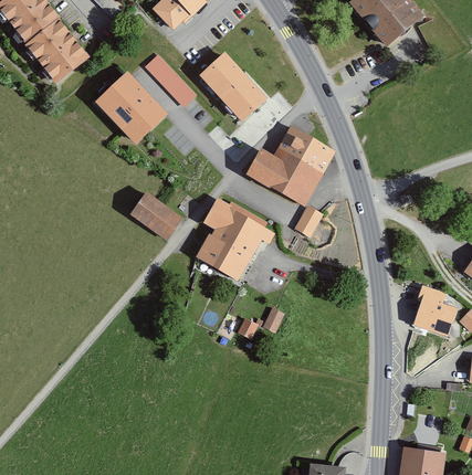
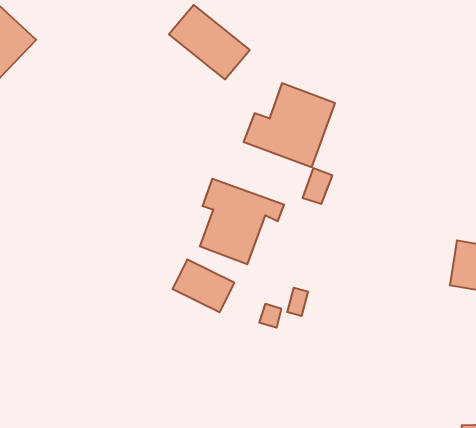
building: [147,52,200,107] -> none
building: [95,70,170,144] -> none
building: [127,191,181,241] -> [172,260,234,312]

